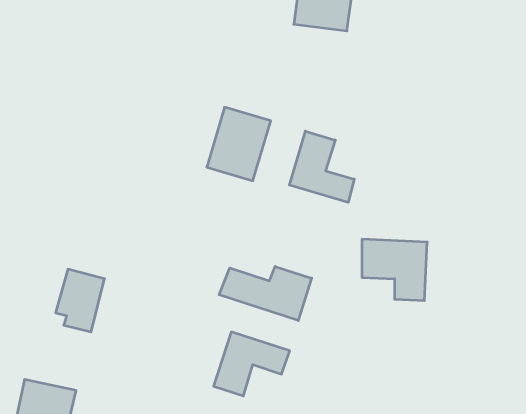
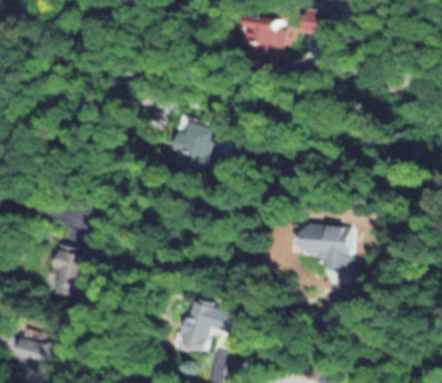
building: [289,131,354,202] -> none
building: [219,266,312,321] -> none

